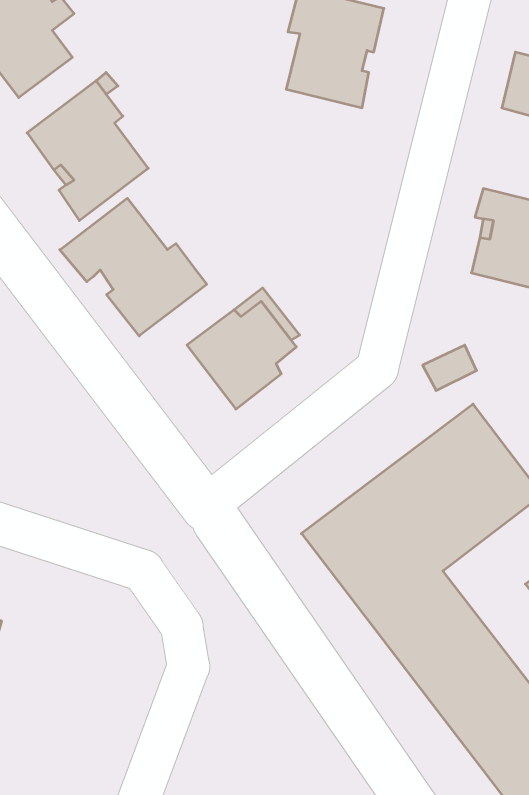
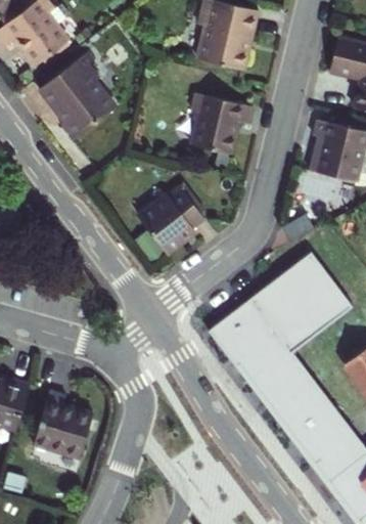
building: none -> [192,94,254,156]
building: [60,198,207,336] -> none
building: none -> [30,390,89,457]

